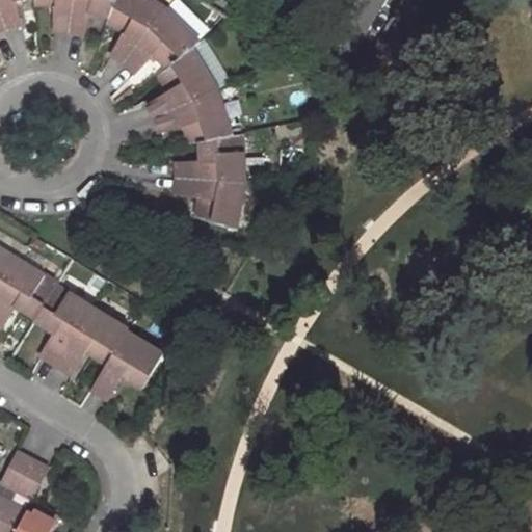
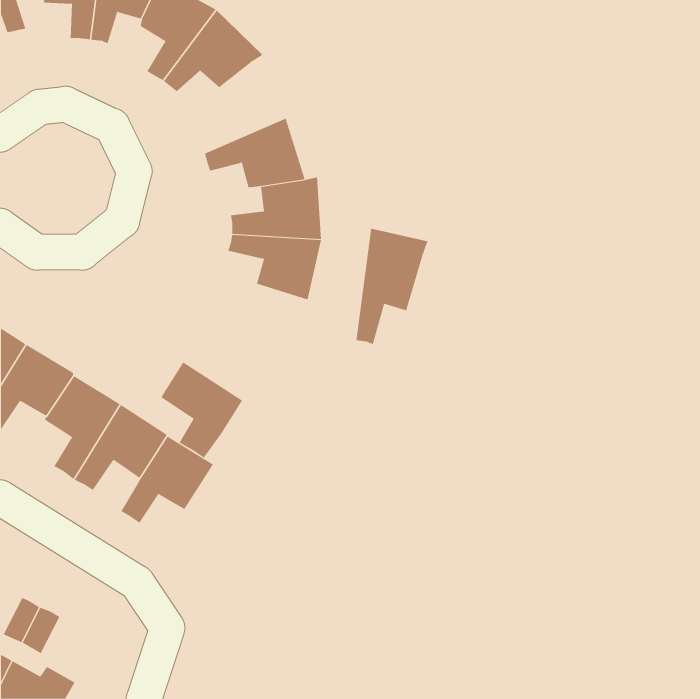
building: [148,47,217,116] -> none
building: none -> [356,228,428,345]
building: none -> [160,362,243,459]

